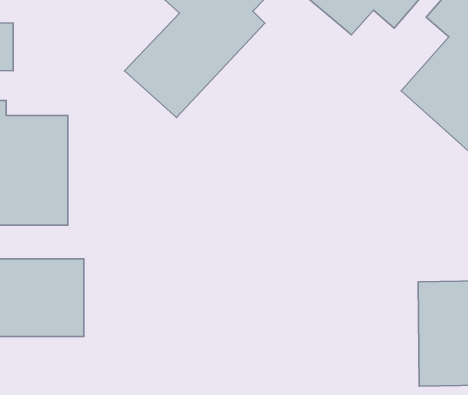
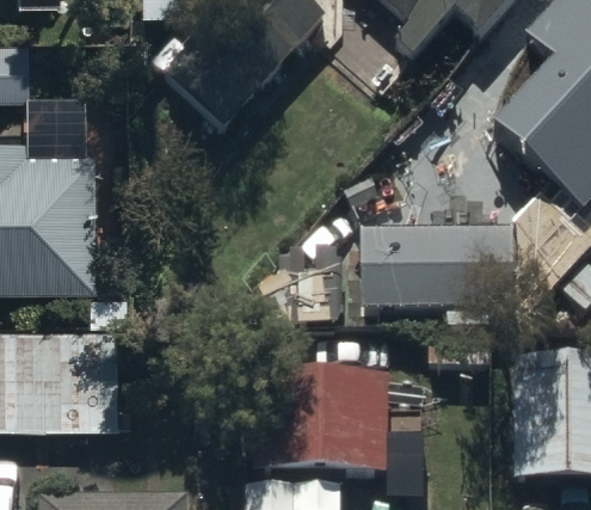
building: none -> [355,225,509,309]
building: none -> [250,364,395,473]

